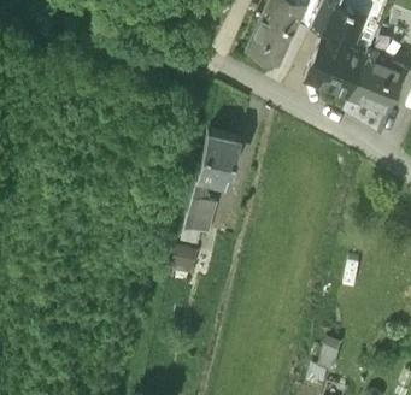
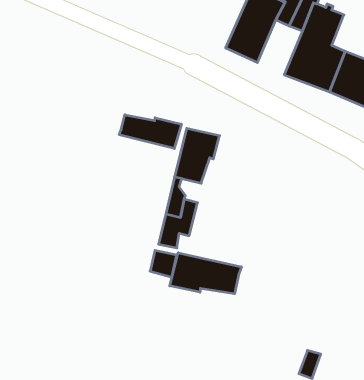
building: none -> [119,115,181,149]
building: none -> [170,253,241,294]

